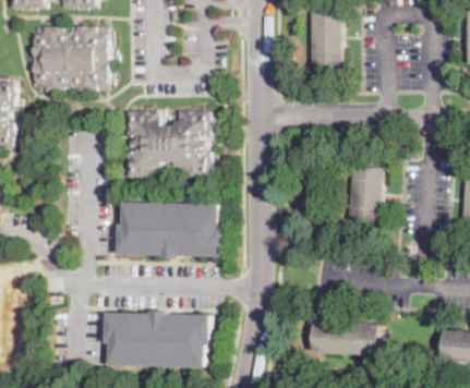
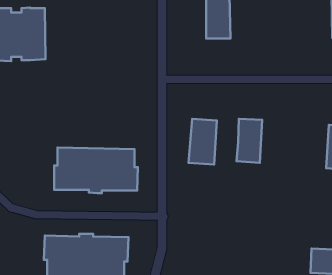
building: [124,110,212,177] -> none
building: none -> [189,119,217,165]
building: [312,320,381,355] -> none

